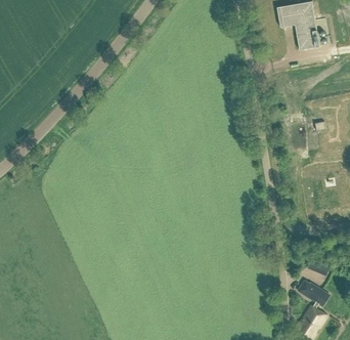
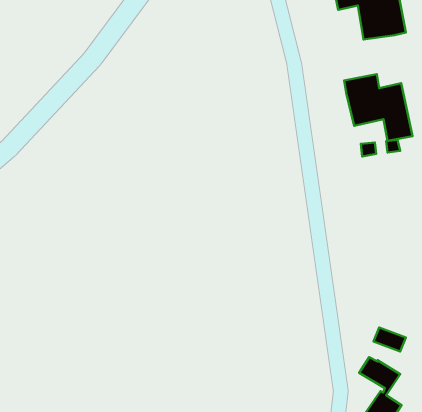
building: none -> [344,74,412,141]

